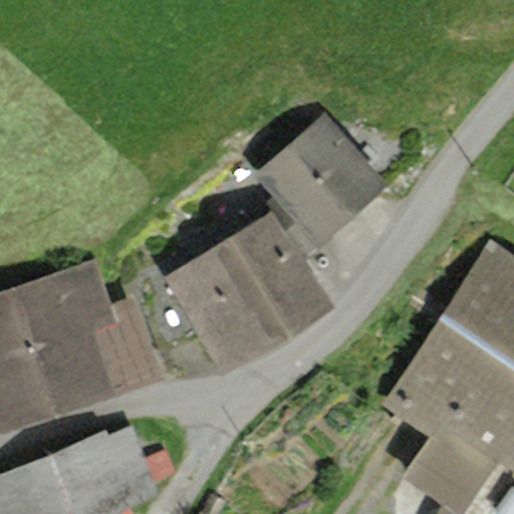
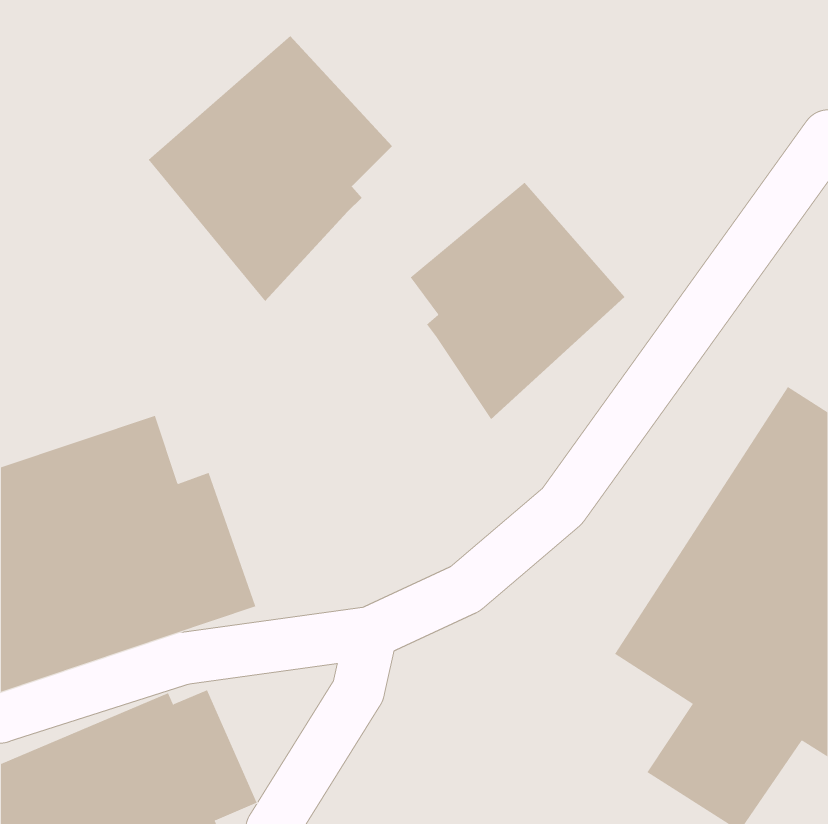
building: none -> [148,35,393,302]
building: [126,212,334,375] -> none

